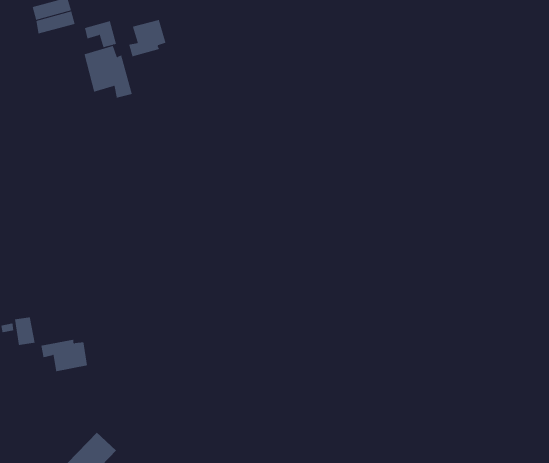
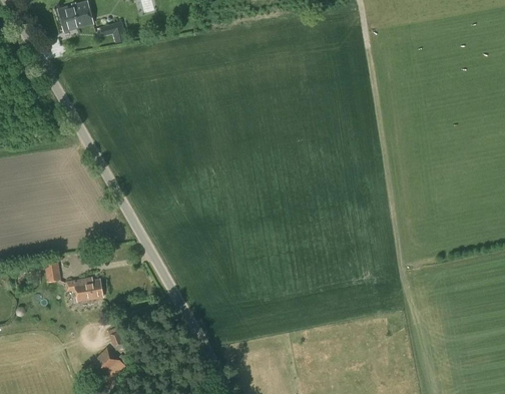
building: [129,19,166,57] -> none
building: [84,45,132,99] -> none

